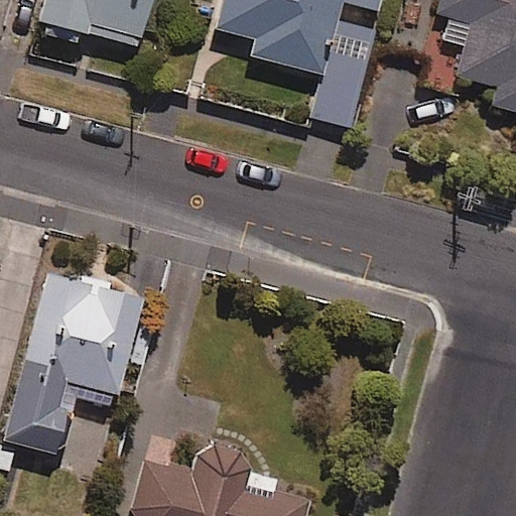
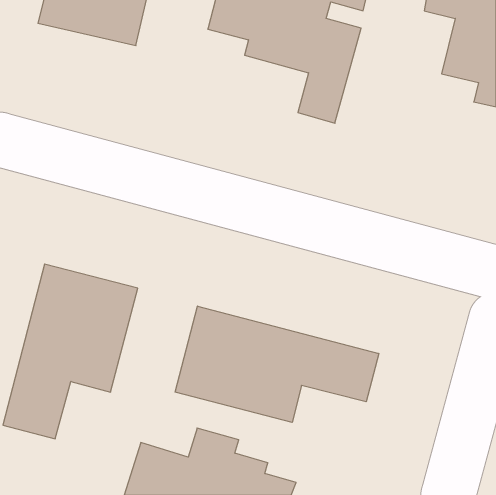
building: none -> [175,306,379,422]

